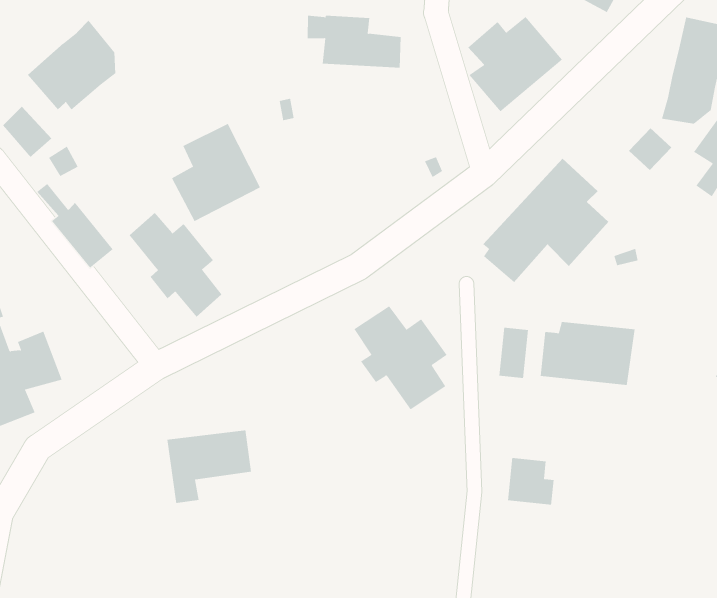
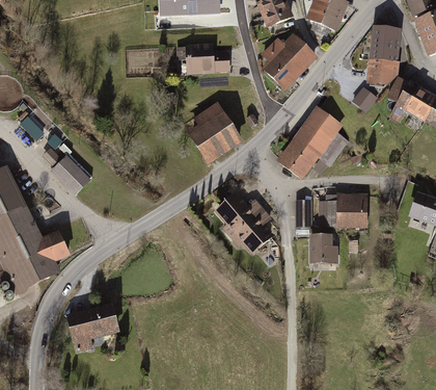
building: [27,20,116,111] -> none
building: [171,123,261,222] -> [191,105,239,159]
building: [129,212,222,317] -> none
building: [166,430,252,503] -> [69,307,115,349]
building: [507,458,555,505] -> [311,237,335,260]

